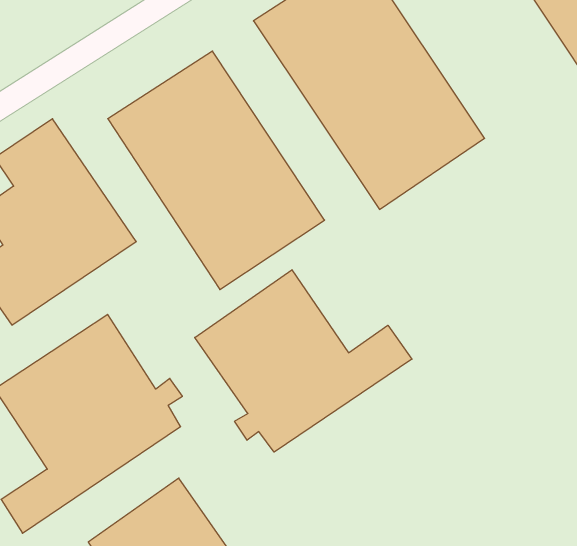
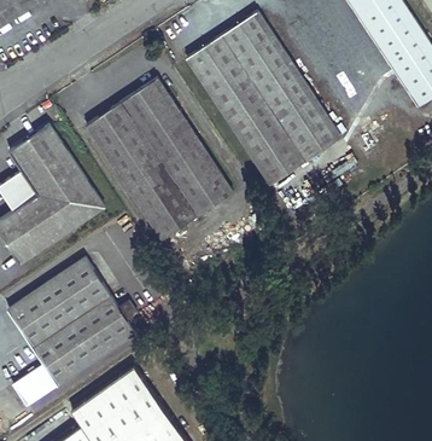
building: [195,270,412,452] -> none

